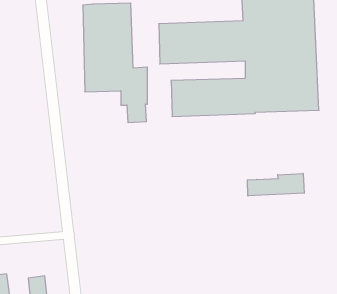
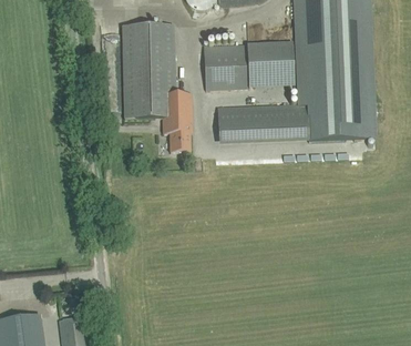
building: [247,173,304,196] -> none

